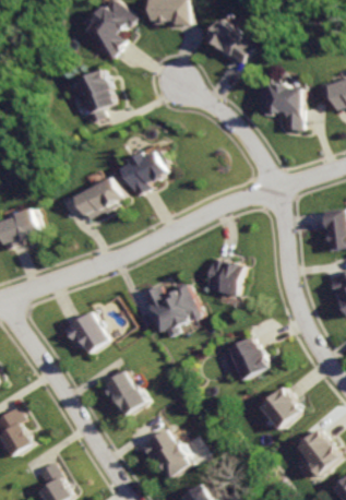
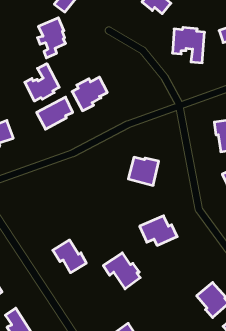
building: none -> [25,64,59,101]
building: [139,279,196,333] -> none
building: [60,309,108,356] -> none
building: [258,385,297,428] -> none
building: [138,428,188,477] -> [103,253,140,289]

